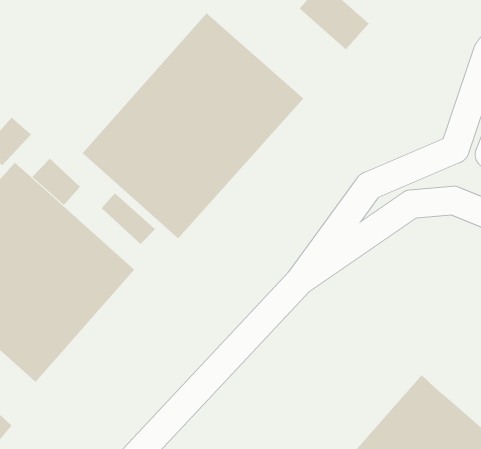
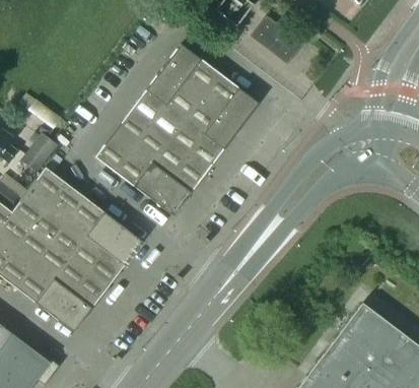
building: [32,158,81,206] -> none
building: [101,193,156,245] -> none

